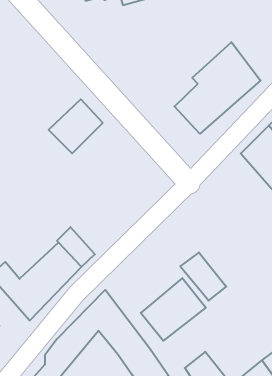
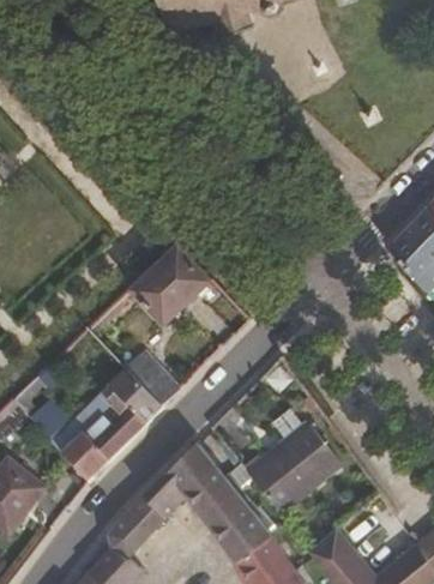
building: [174,42,261,134] -> none
building: [49,99,103,153] -> [133,245,210,321]
building: [180,252,226,301] -> none

